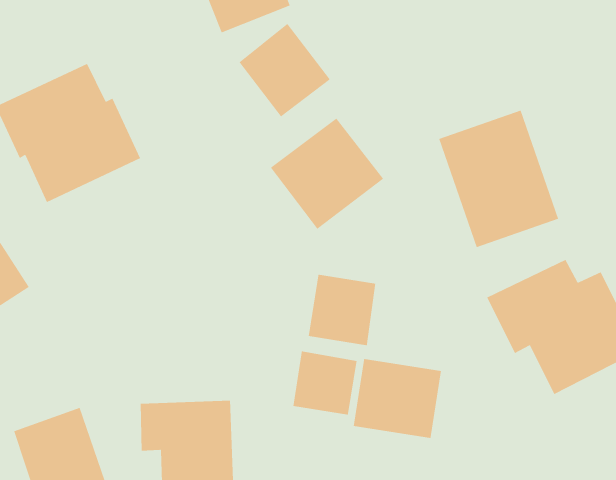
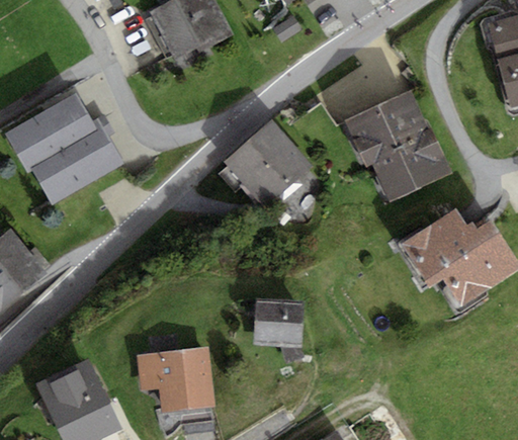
building: [238,23,331,118] -> none
building: [308,274,376,346] -> none
building: [353,358,442,439] -> none

